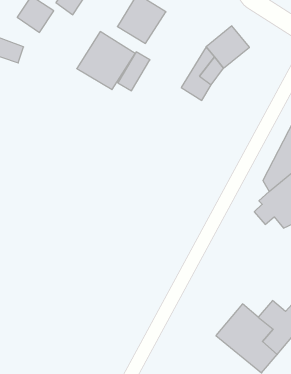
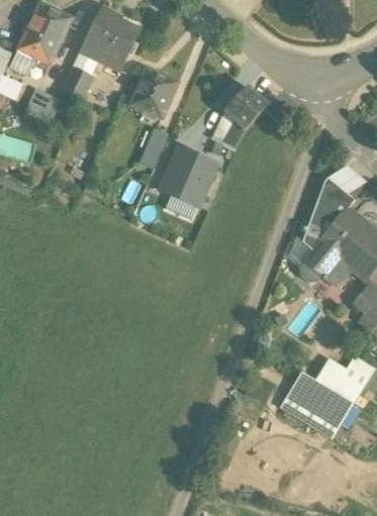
building: [77,32,135,90] -> [160,148,217,206]

